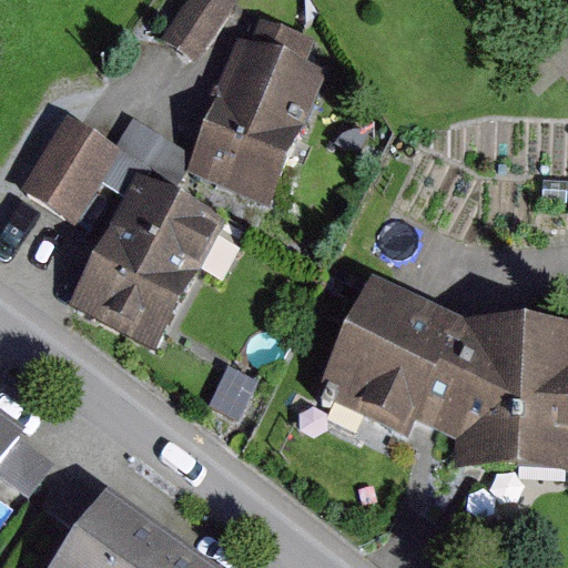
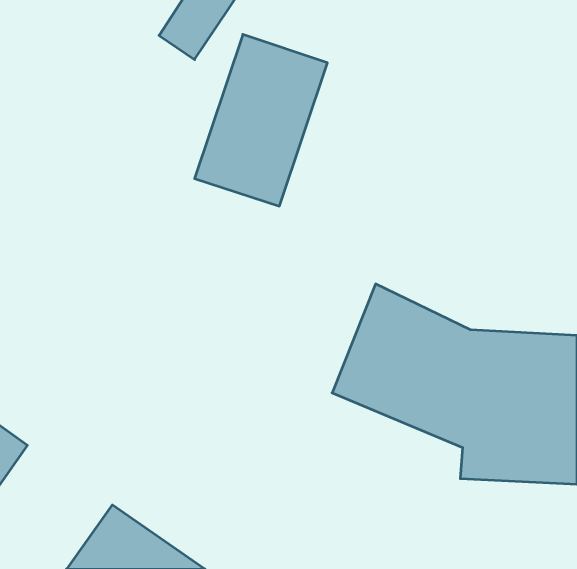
building: [24,115,119,217] -> none
building: [80,178,219,337] -> none

